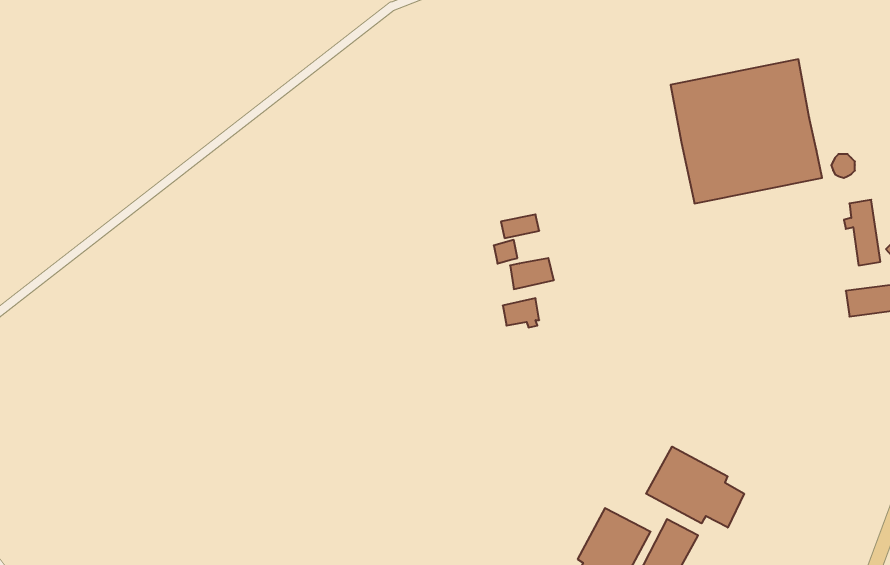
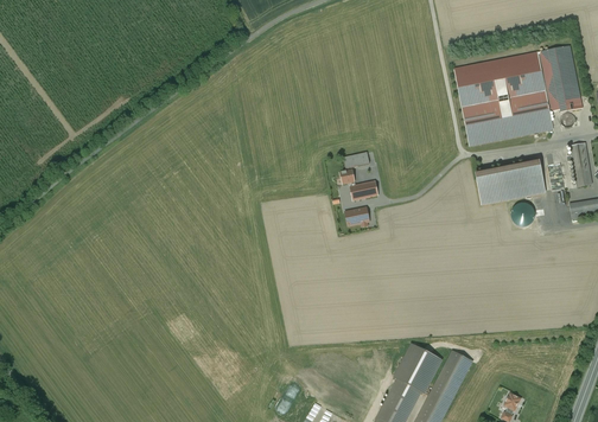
building: none -> [537,45,581,111]
building: none -> [475,160,545,204]
building: [646,447,744,528] -> none

